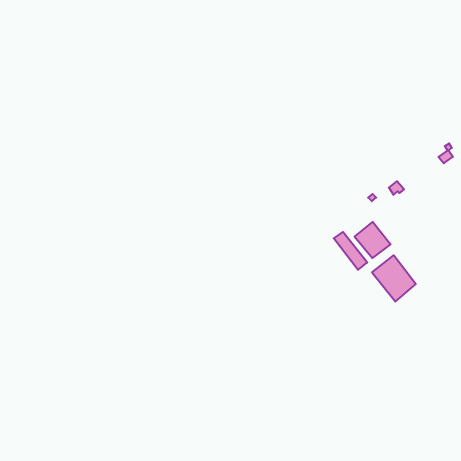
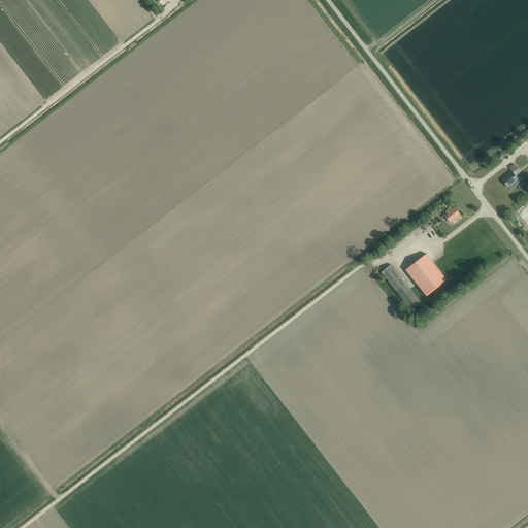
building: [372,255,416,302] -> none

